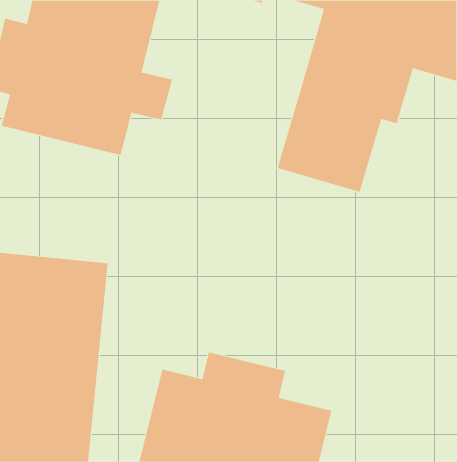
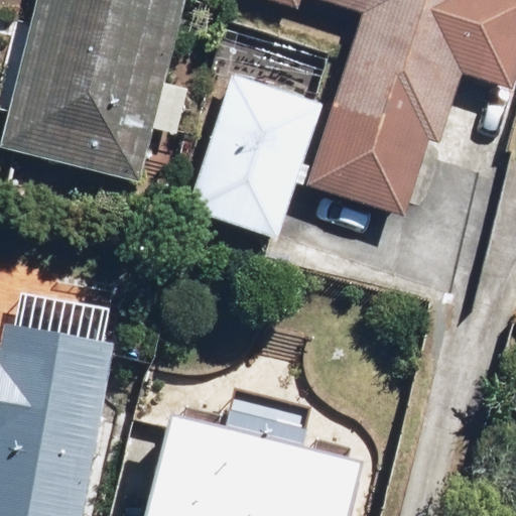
building: none -> [181,66,322,240]

